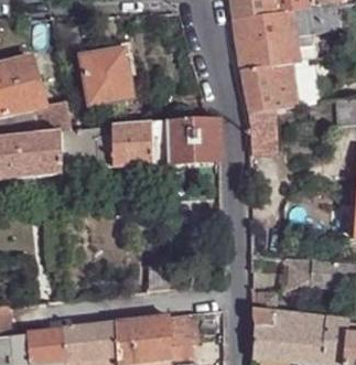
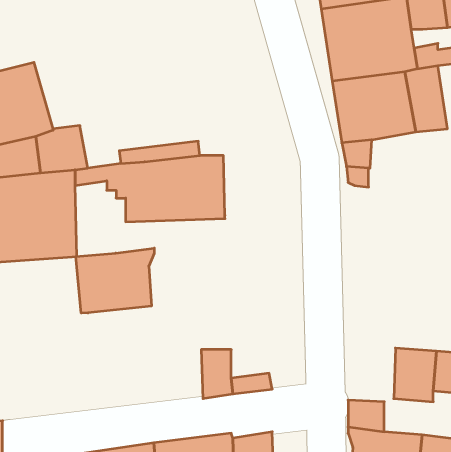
building: [79,45,132,103] -> none
building: [163,115,218,162] -> none
building: none -> [76,248,154,313]

